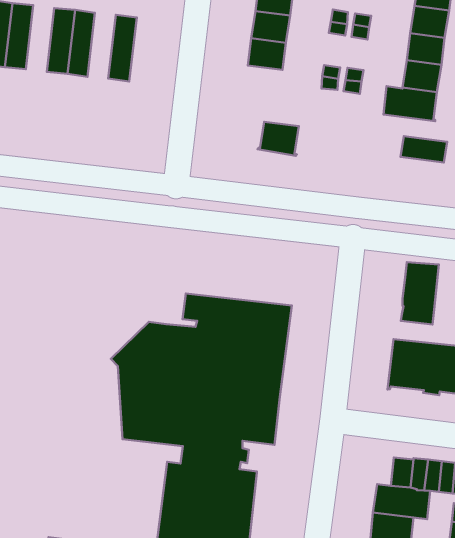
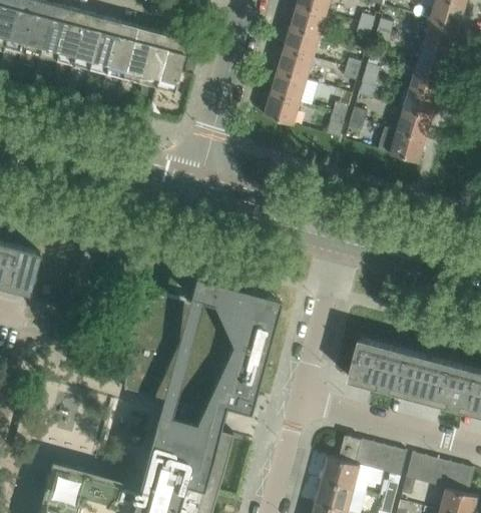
building: none -> [87,18,118,75]
building: none -> [137,32,168,88]
building: [257,122,299,156] -> [263,94,300,126]
building: [401,136,447,163] -> none
building: [401,262,439,325] -> none

